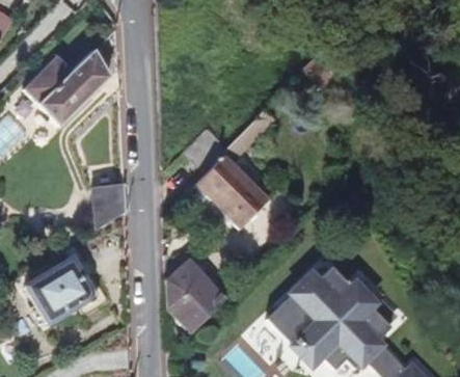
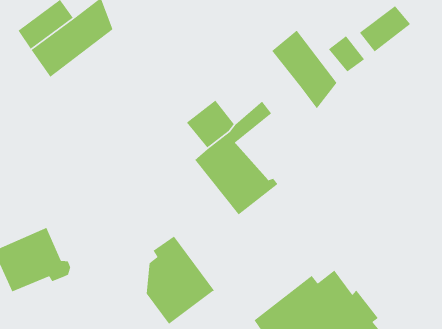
building: none -> [359,5,411,52]
building: none -> [271,30,338,110]
building: [93,182,128,228] -> none

